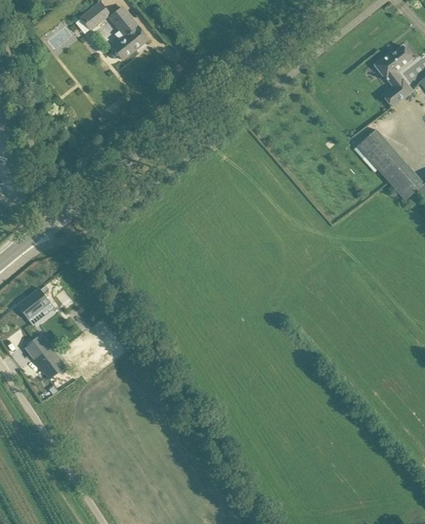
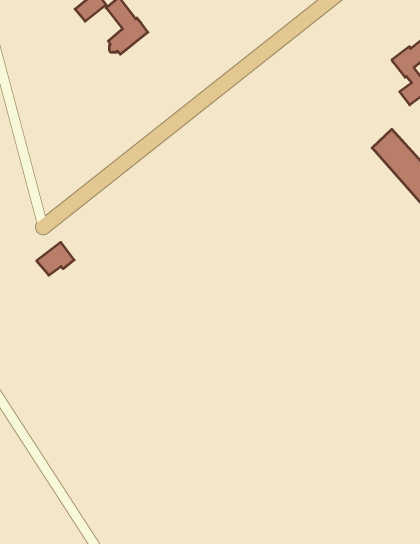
building: [17,289,52,319] -> [37,242,74,275]
building: [25,334,66,379] -> none

